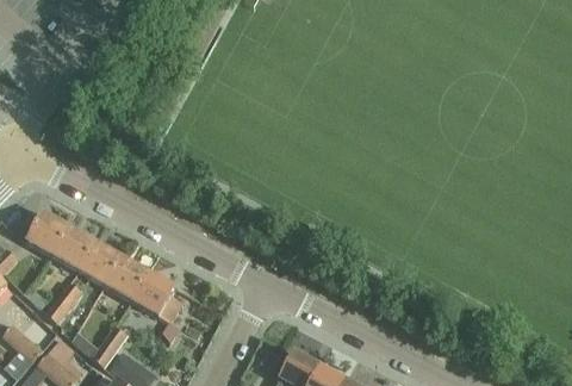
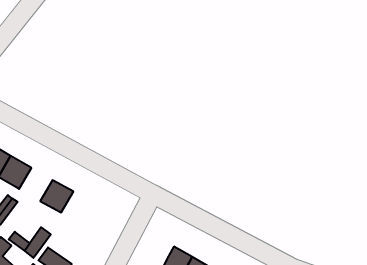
building: [83,243,129,288] -> none
building: [141,275,181,322] -> none

